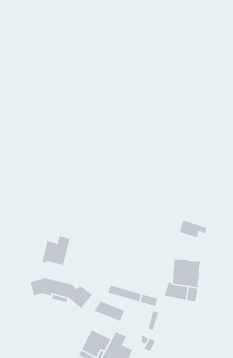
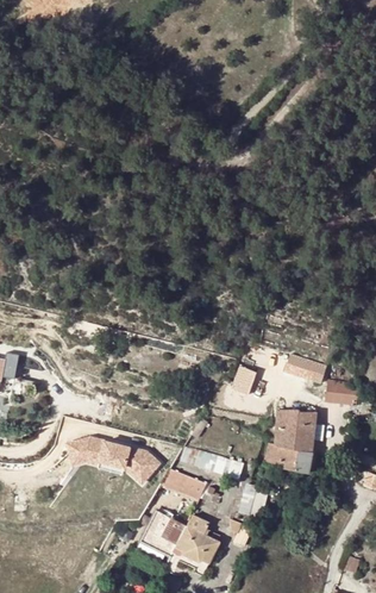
building: none -> [230,364,259,397]
building: [41,235,71,266] -> none
building: none -> [326,381,357,405]

